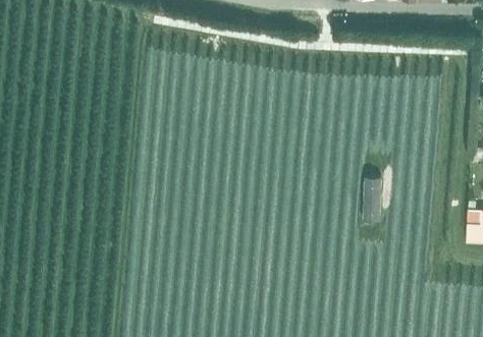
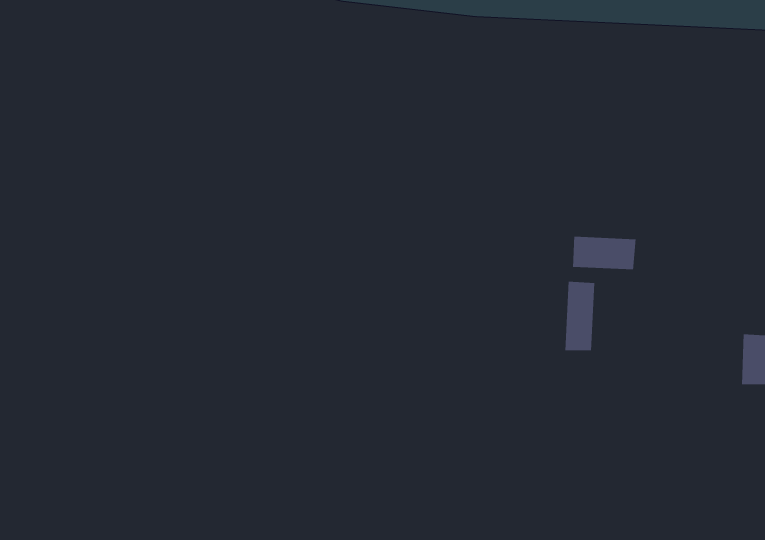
building: none -> [573,236,636,270]

